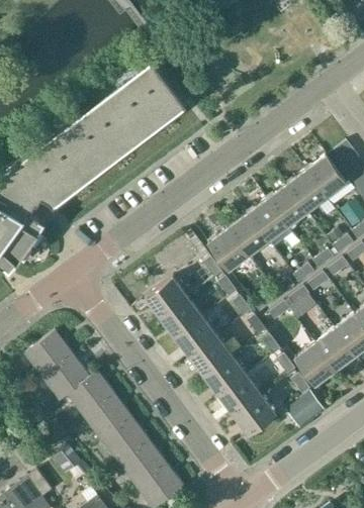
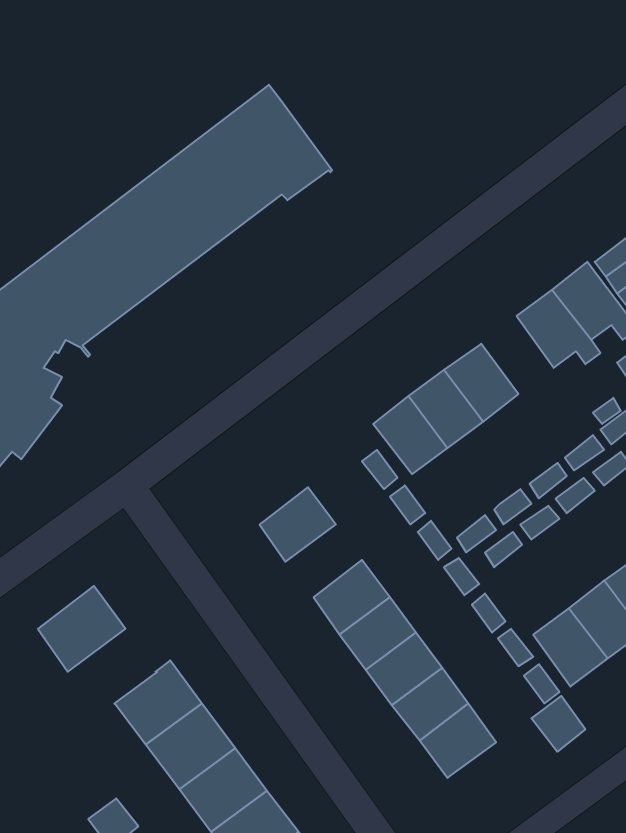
building: [268,185,307,227] -> none
building: [162,298,203,337] -> none
building: [43,354,92,401] -> none

